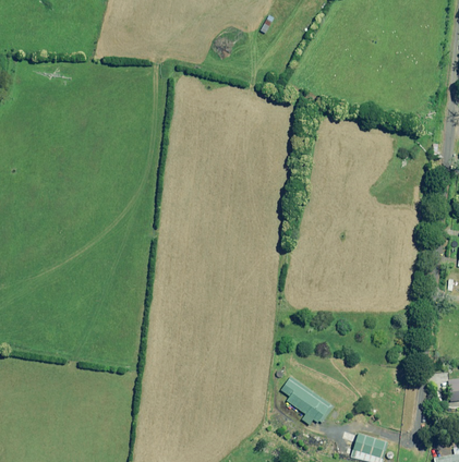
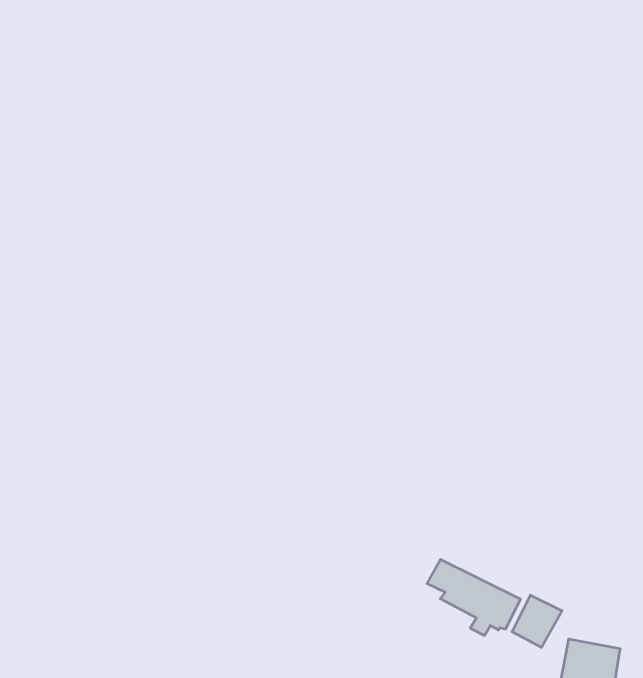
building: none -> [512,595,562,647]

